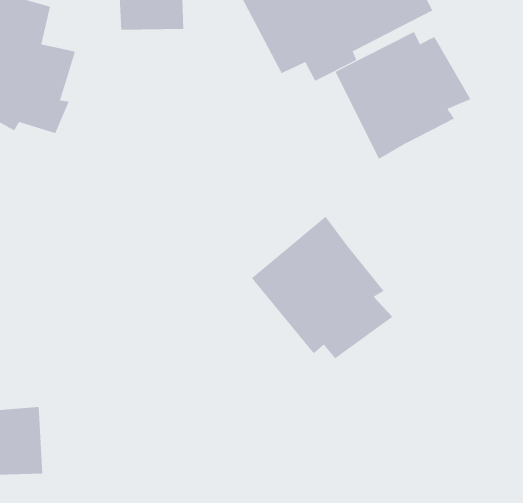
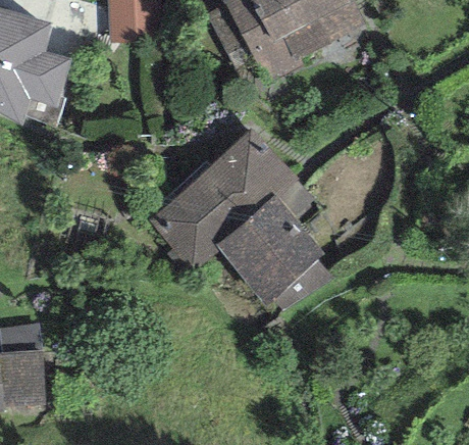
building: [335,31,471,160] -> none
building: none -> [150,129,314,273]

